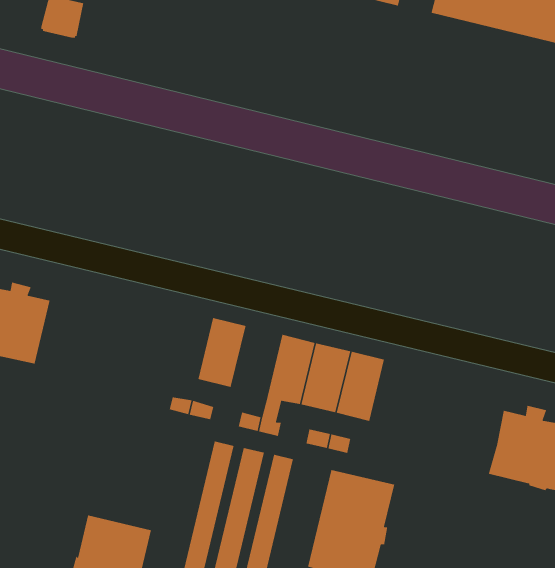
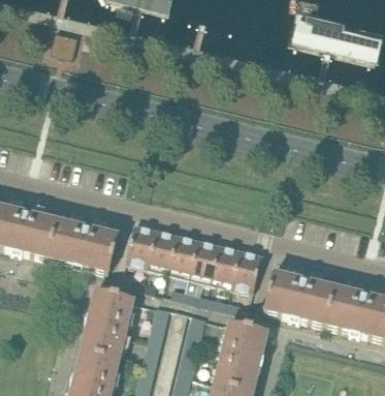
building: none -> [47,215,118,273]
building: none -> [125,223,156,267]
building: none -> [167,234,198,277]
building: none -> [263,268,333,325]
building: none -> [79,290,134,359]

